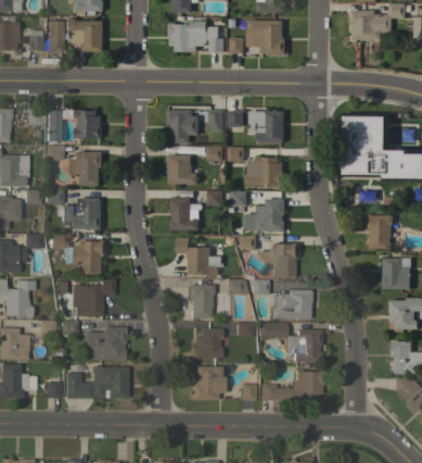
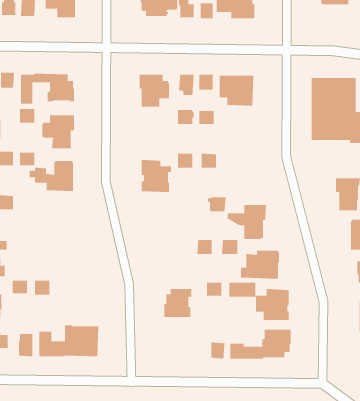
building: [167,154,199,184] -> none
building: [245,157,284,185] -> none
building: [245,198,286,232] -> none
building: [51,234,105,274] -> none
building: [177,237,221,275] -> none
building: [71,278,115,316] -> none
building: [189,284,214,317] -> none
building: [84,326,126,359] -> none
building: [193,365,225,399] -> none

